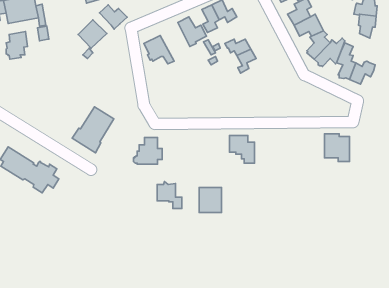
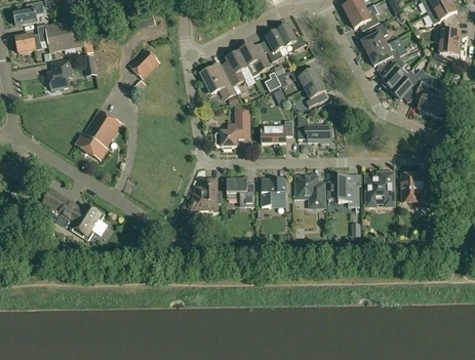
building: [100,5,127,29] -> none
building: none -> [227,50,255,86]
building: none -> [215,106,250,149]
building: none -> [298,117,331,145]
building: none -> [262,120,293,144]
building: [72,107,114,153] -> [75,109,121,160]
building: none -> [365,171,394,206]
building: none -> [328,175,359,206]
building: [157,182,182,208] -> [227,176,254,206]
building: [199,188,221,212] -> [262,178,286,206]

